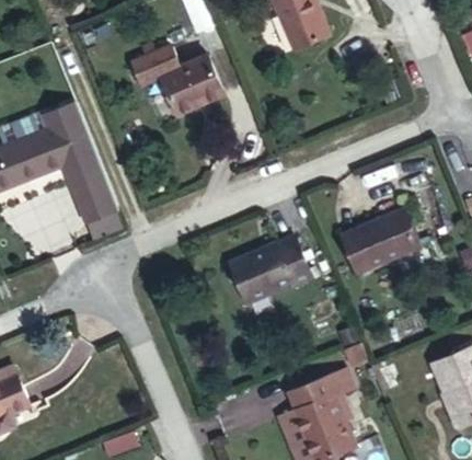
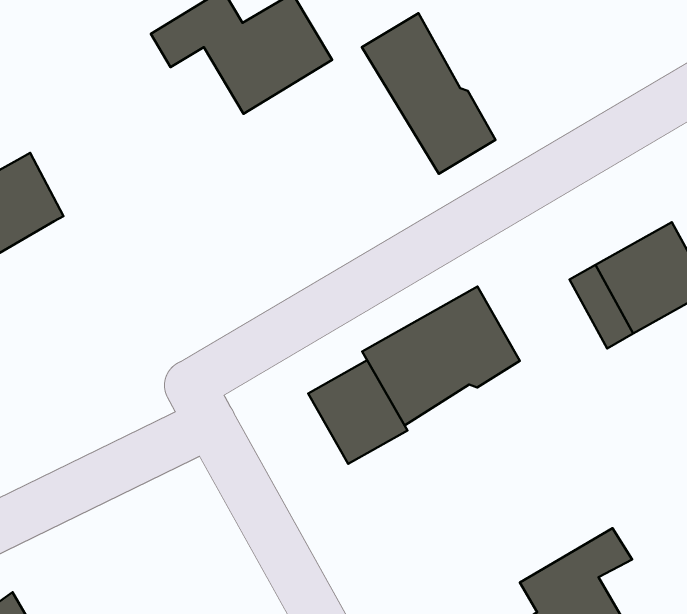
building: none -> [362,13,495,174]
building: [42,107,118,223] -> none
building: none -> [308,360,407,464]

